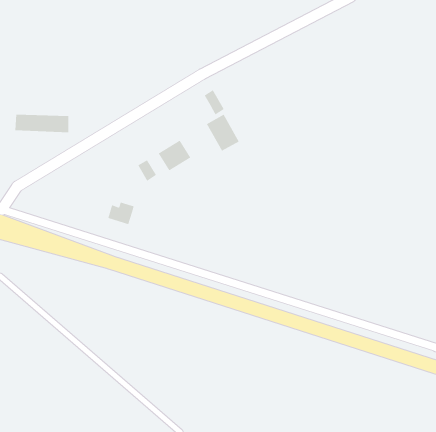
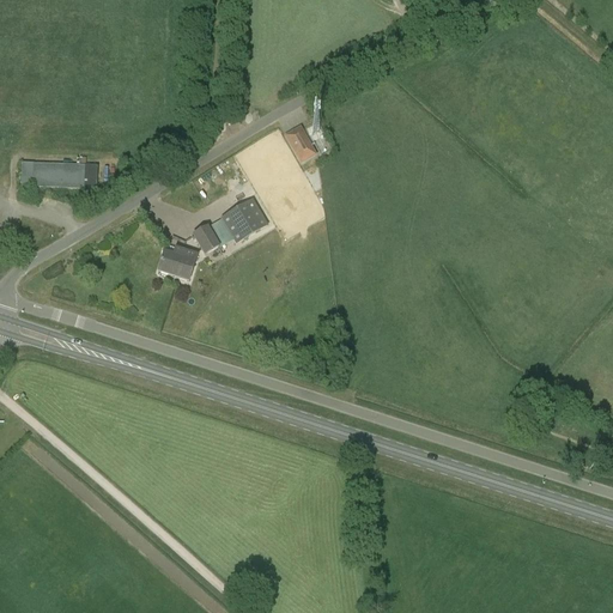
building: [206,114,239,152] -> none
building: [107,202,135,225] -> [158,247,196,279]

